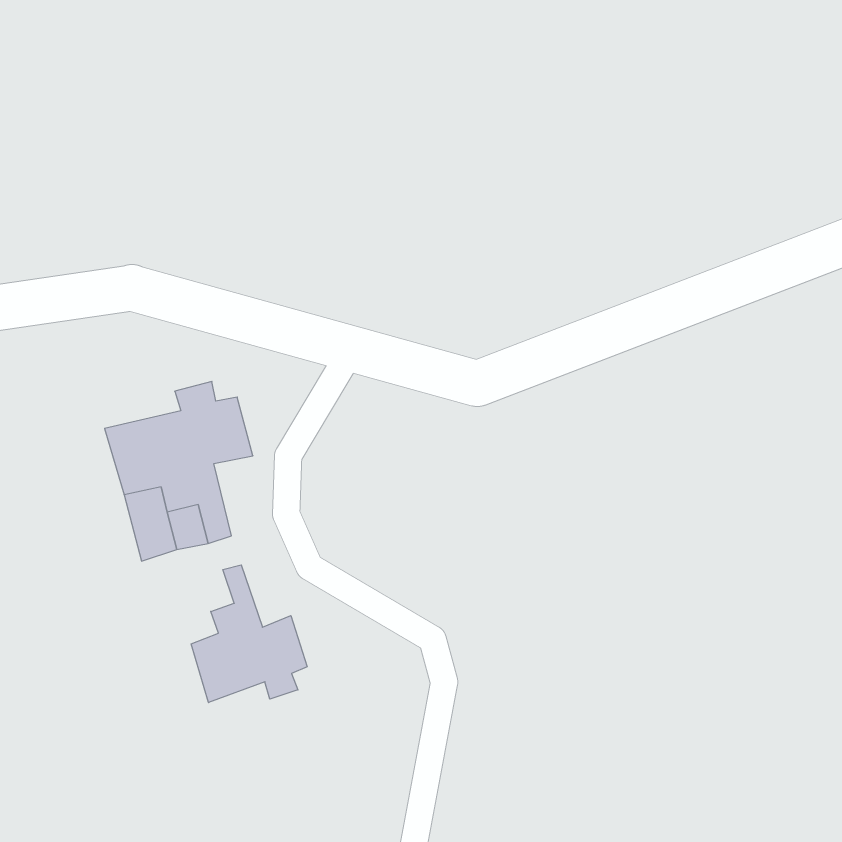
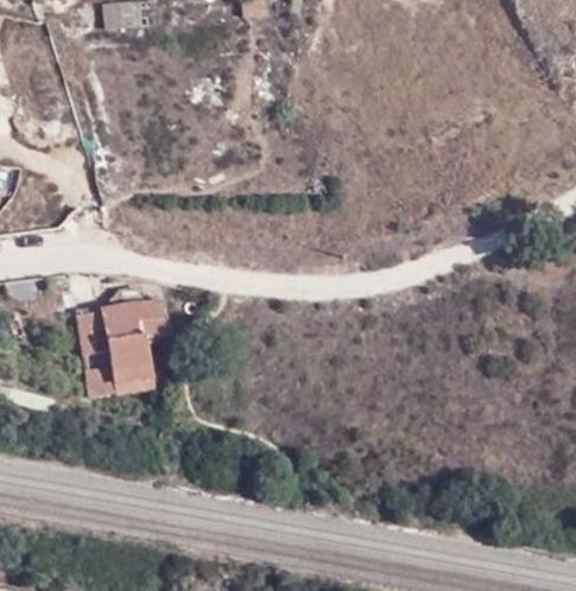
building: [191,565,307,703] -> none

